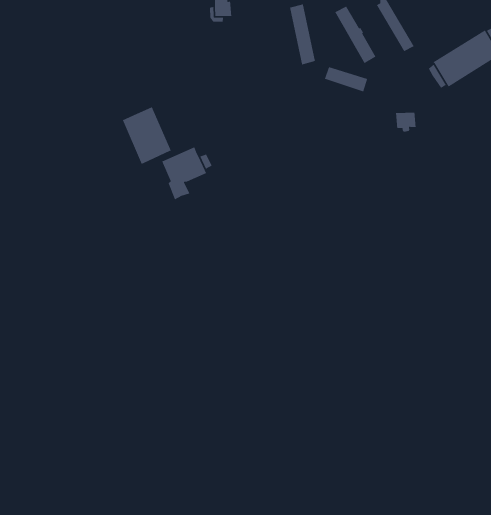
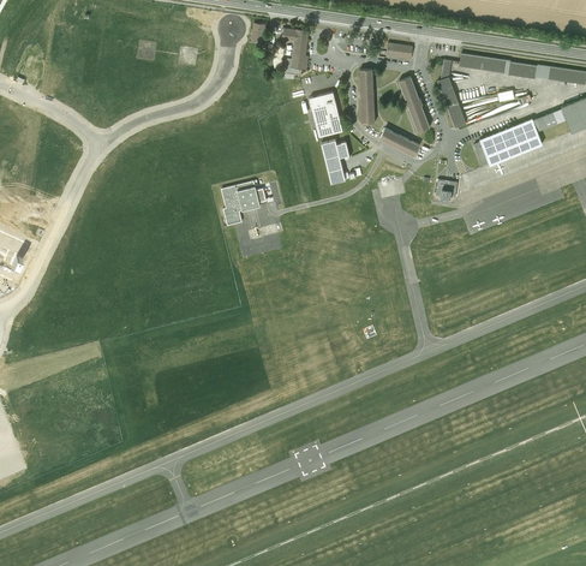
building: none -> [310,93,342,137]
building: none -> [321,141,351,184]
building: [122,106,172,165] -> none

